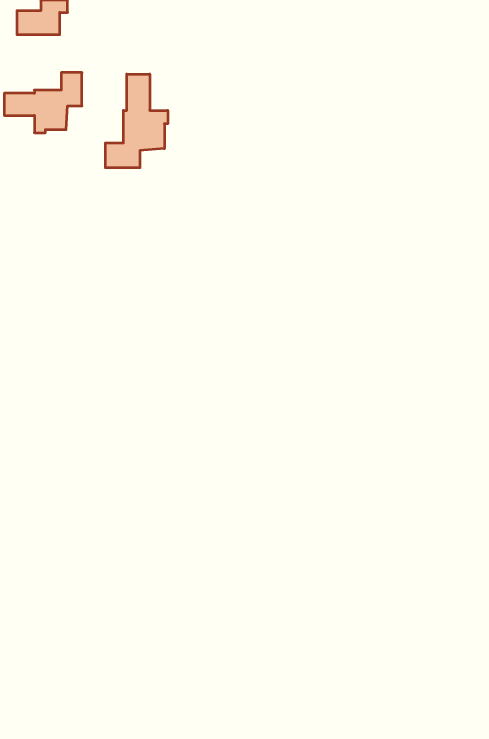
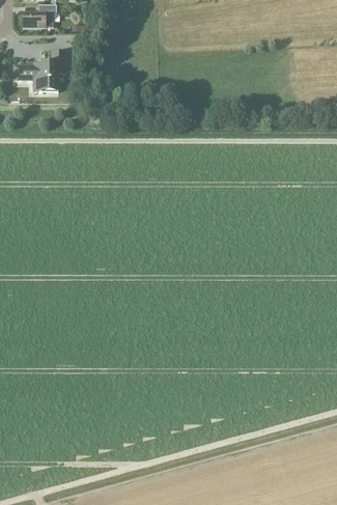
building: [105,74,168,168] -> none

